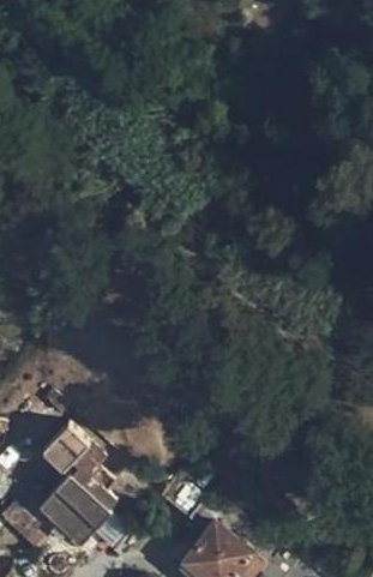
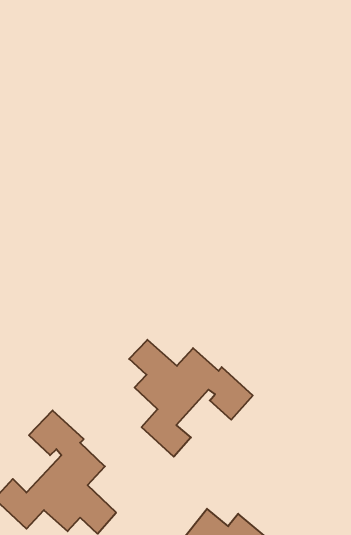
building: none -> [129,340,253,457]

